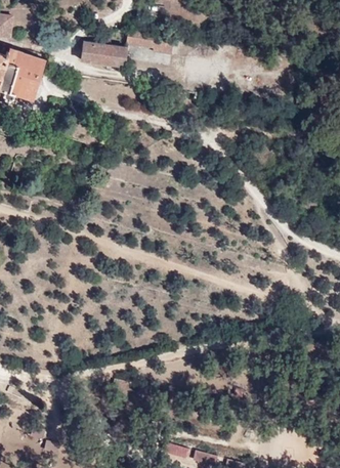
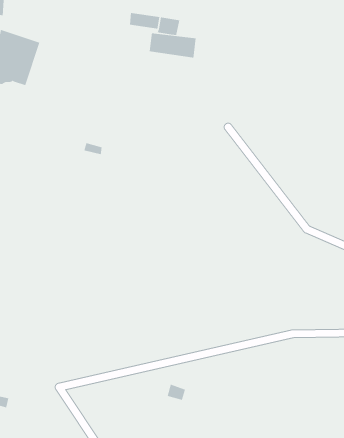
building: [82,43,126,67] -> [149,33,197,58]

